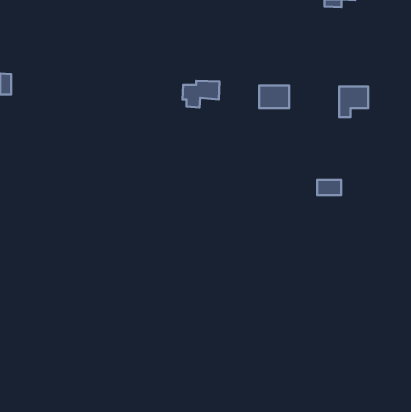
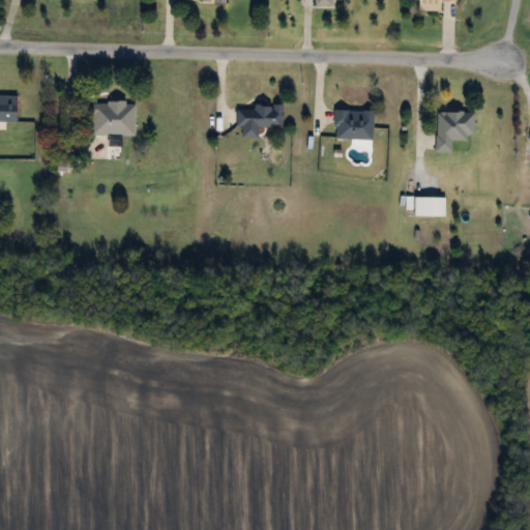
building: none -> [93,101,135,135]
building: [317,180,341,195] -> [414,196,445,215]

